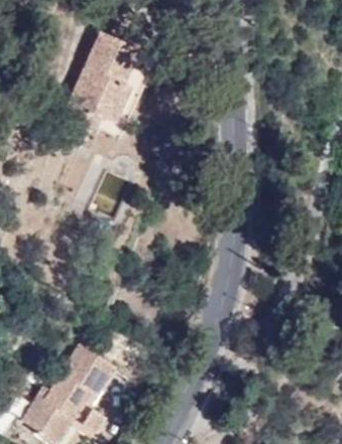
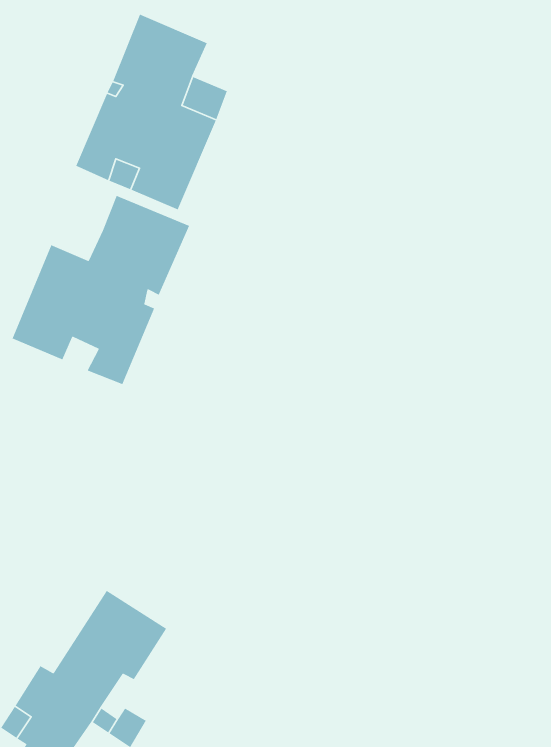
building: none -> [11,195,190,385]

